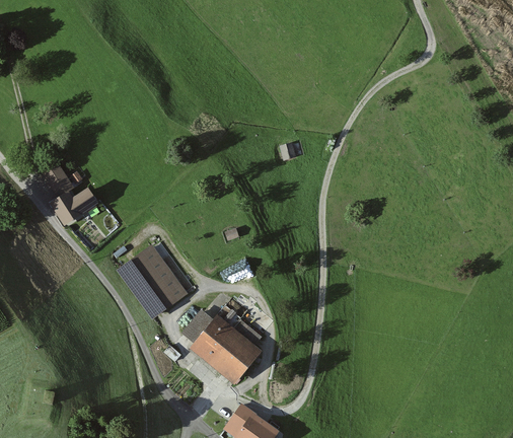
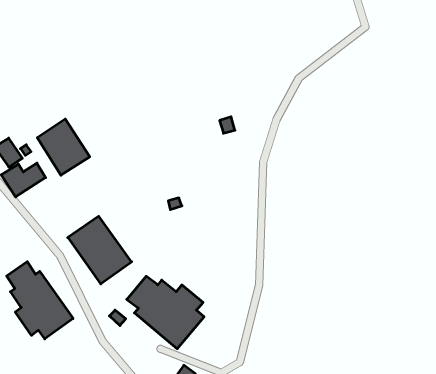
building: none -> [37,119,90,175]
building: none -> [7,262,73,339]

